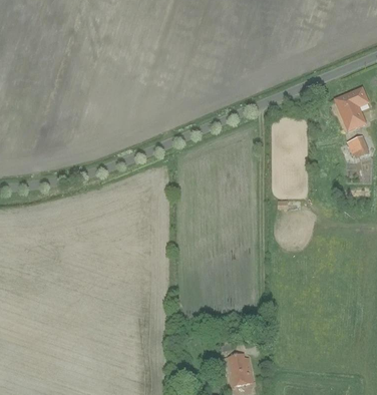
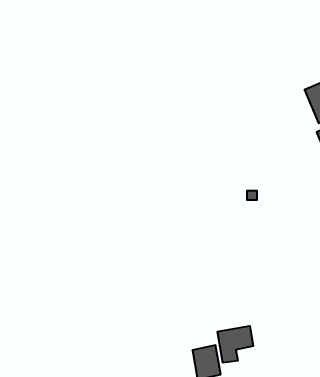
building: none -> [218,326,253,363]

